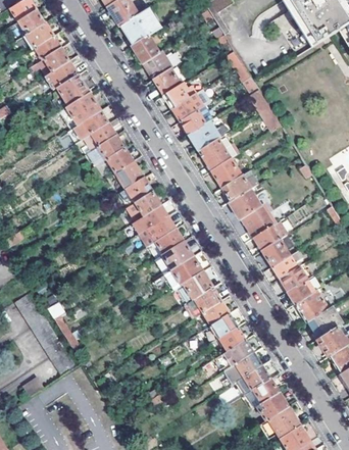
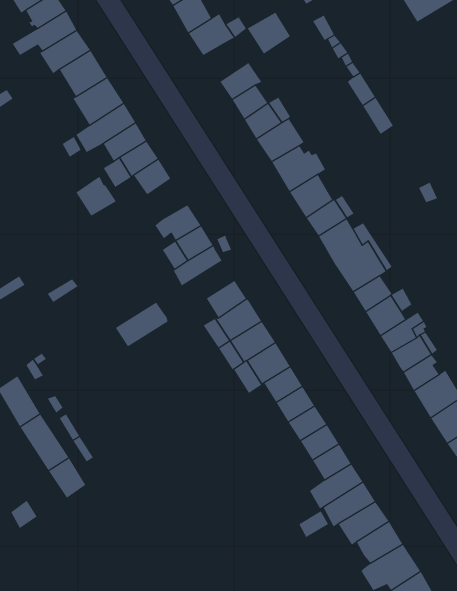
building: [153,66,183,95] -> [247,12,291,54]
building: [115,160,143,188] -> [76,176,116,217]
building: [139,215,174,246] -> [116,302,169,347]

